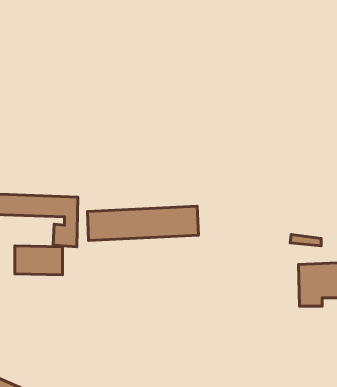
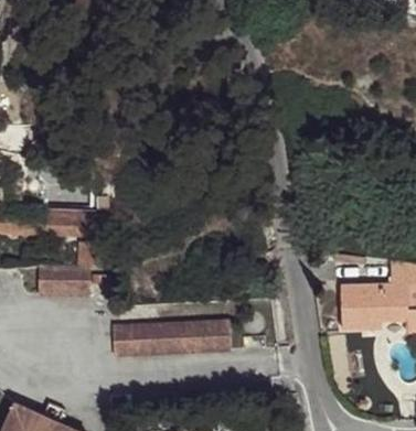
building: [88,206,198,240] -> [111,320,230,356]

